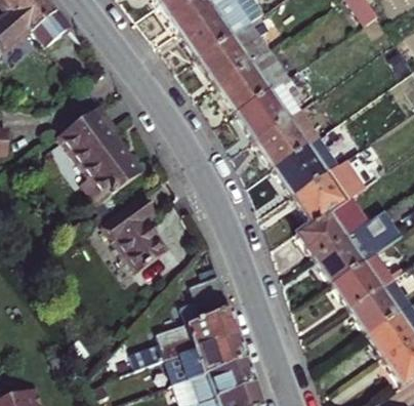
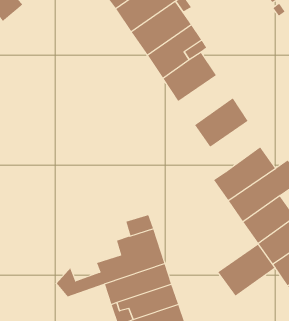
building: [57,107,141,205] -> none
building: [253,110,319,169] -> none
building: [291,158,366,225] -> none
building: [102,198,167,273] -> none
building: none -> [217,244,275,296]

